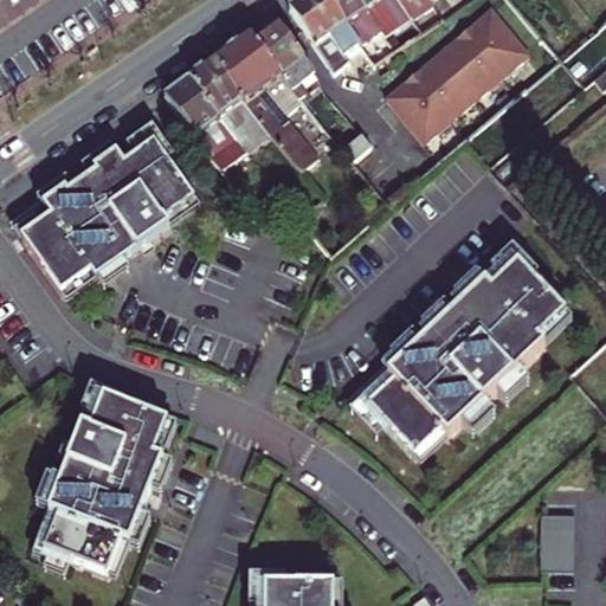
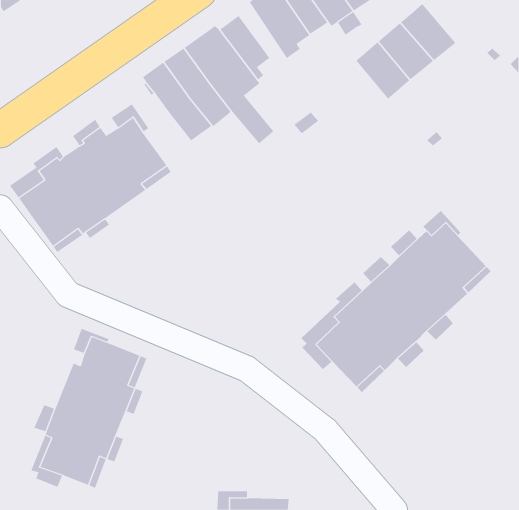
building: [387,71,452,138] -> none
building: [547,510,580,567] -> none

